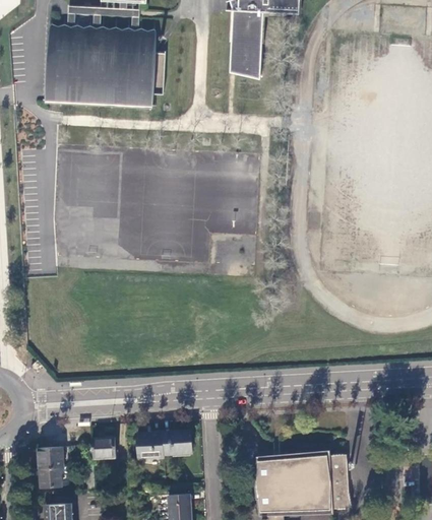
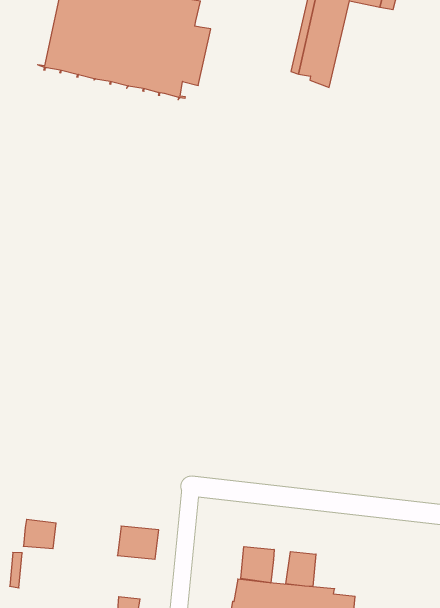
building: none -> [286,552,316,586]
building: none -> [241,547,274,583]
building: [137,432,164,458] -> none

